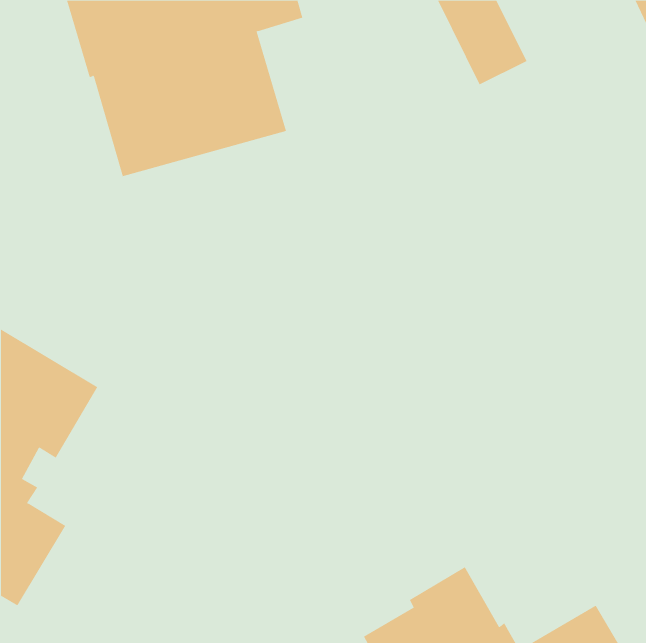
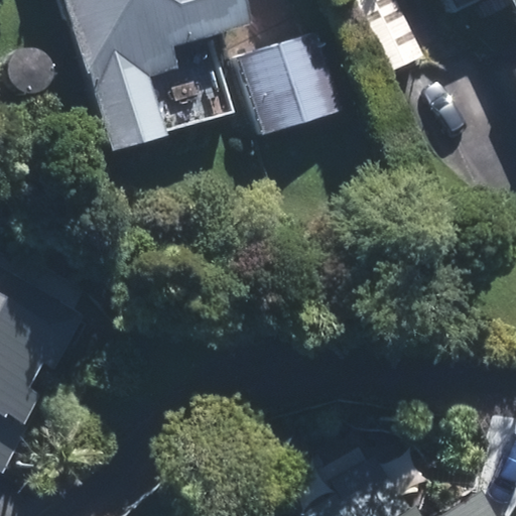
building: none -> [235,32,340,134]

